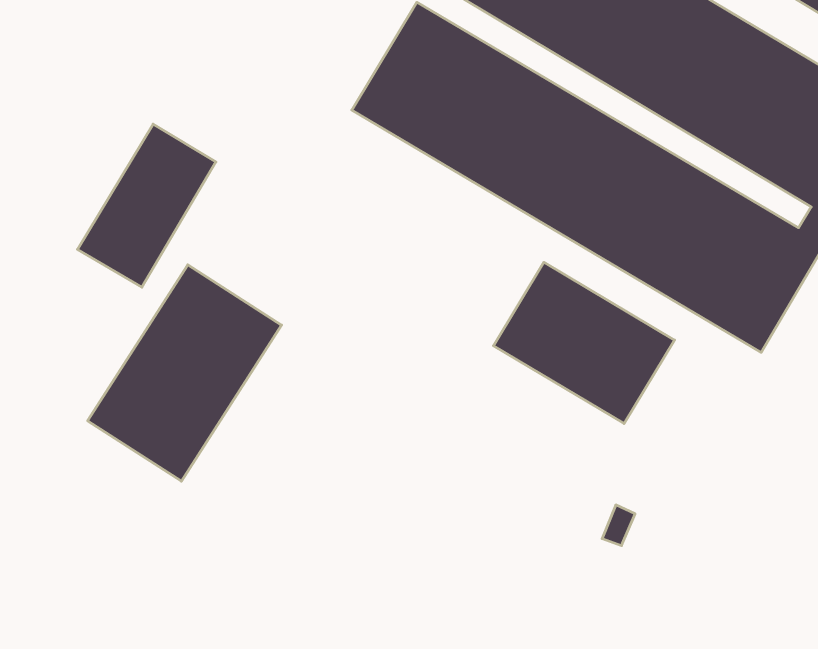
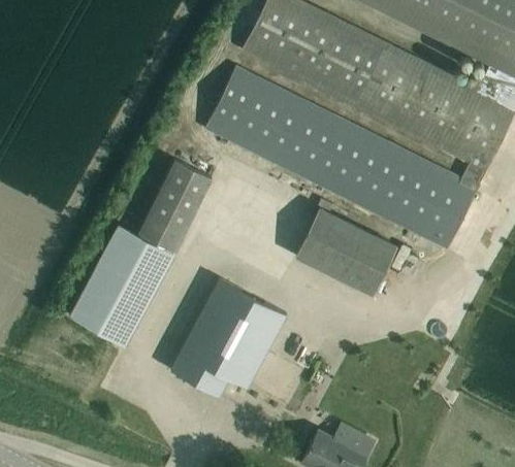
building: [77,124,216,287] -> [138,157,213,249]
building: none -> [171,277,288,396]

